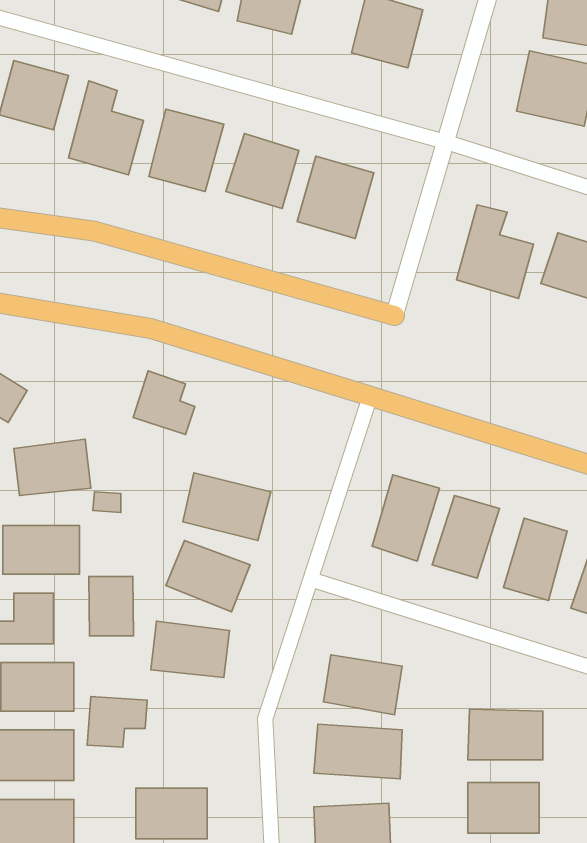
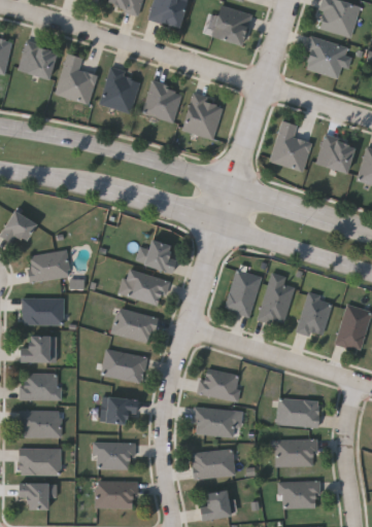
building: [133,371,195,434] -> [142,239,176,274]
building: [89,576,134,636] -> none
building: [87,696,147,747] -> [104,396,137,424]

